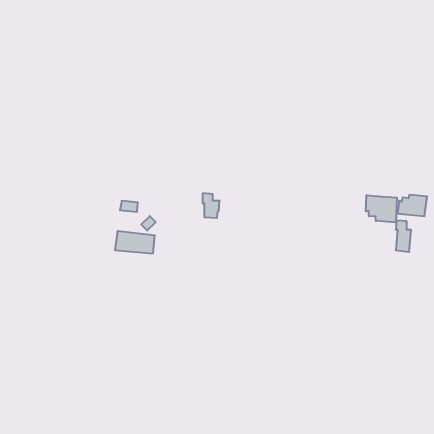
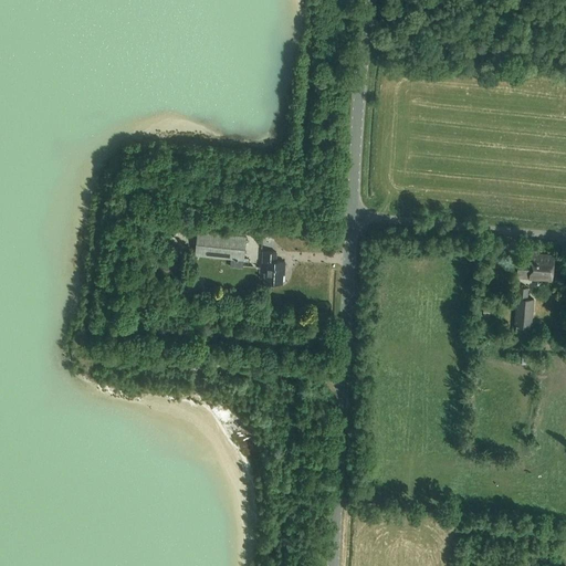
building: [366,195,397,222] -> none
building: [115,231,155,253] -> [196,231,248,260]

